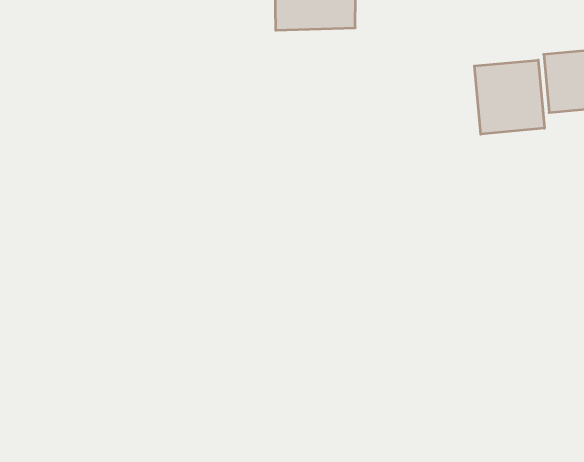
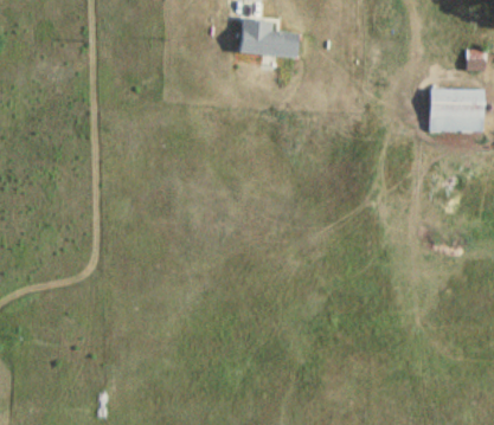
building: [474,60,544,134] -> none

